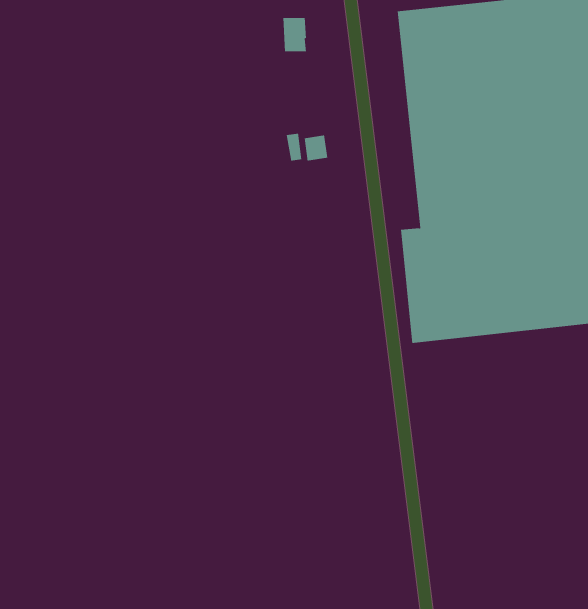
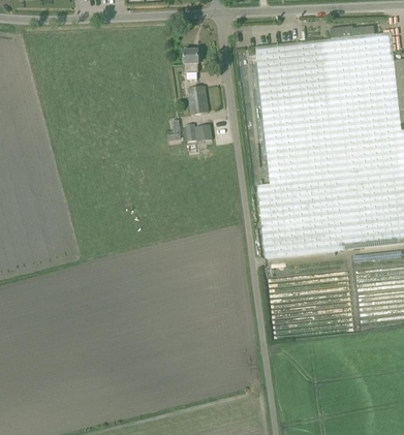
building: none -> [187,85,207,114]

